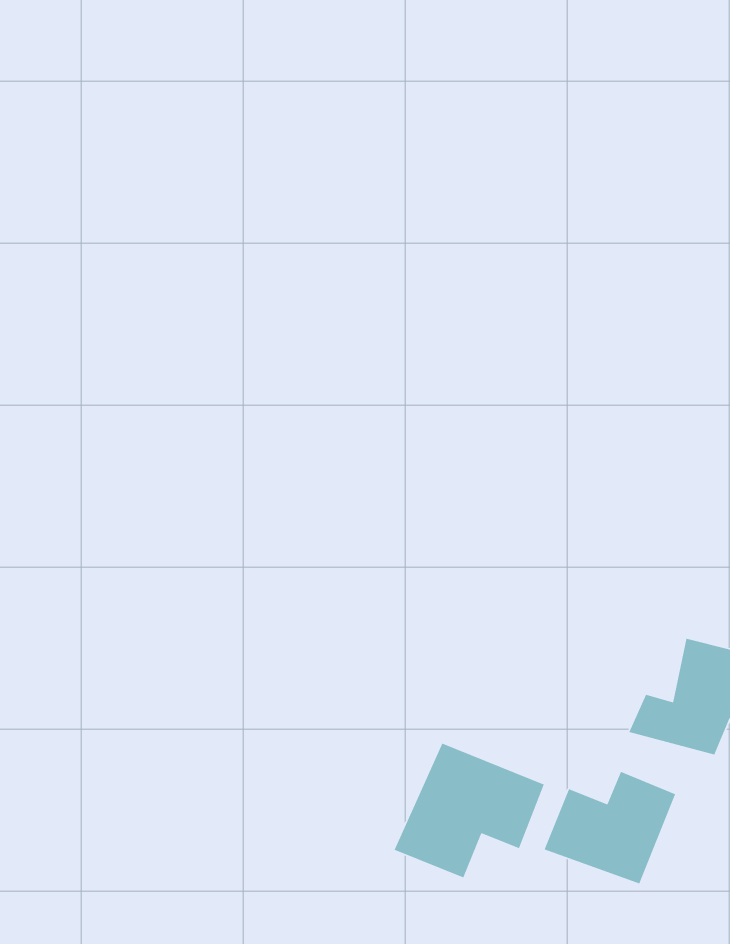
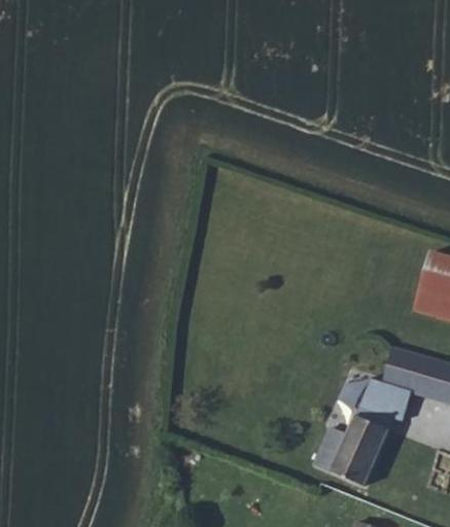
building: [394,743,545,878] -> none

